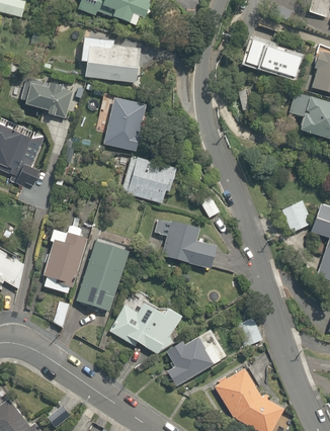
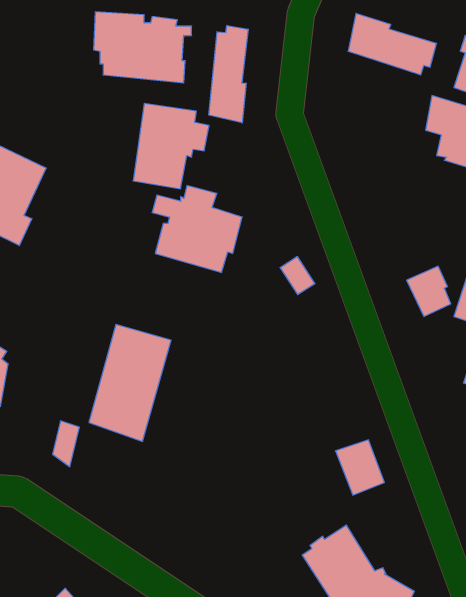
building: none -> [209,25,248,123]
building: [24,78,76,118] -> none
building: [156,220,215,268] -> none
building: [43,224,86,292] -> none
building: [109,293,226,386] -> none

